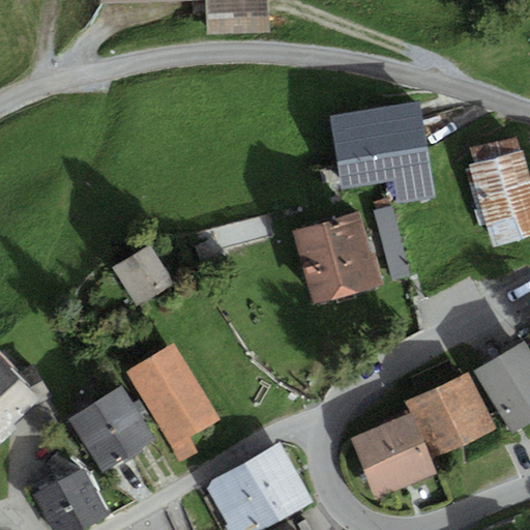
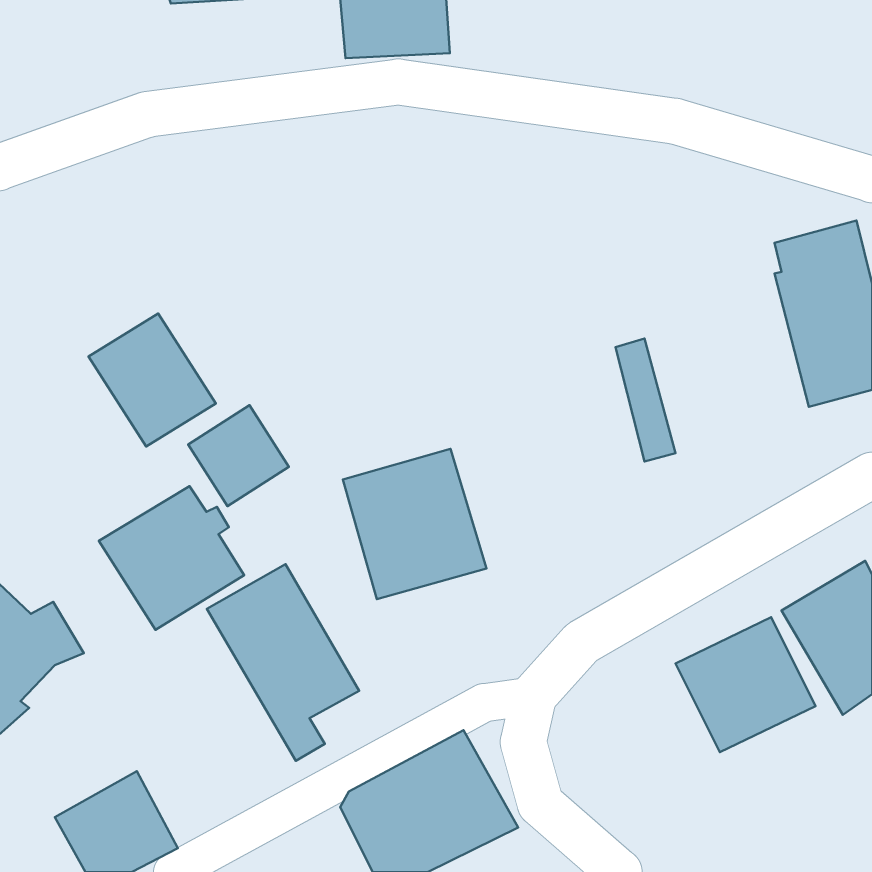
building: [330,101,435,203] -> none
building: none -> [89,314,216,446]
building: [293,211,380,302] -> [343,449,486,599]
building: [66,386,154,473] -> [99,486,244,630]
building: [351,412,434,496] -> none

